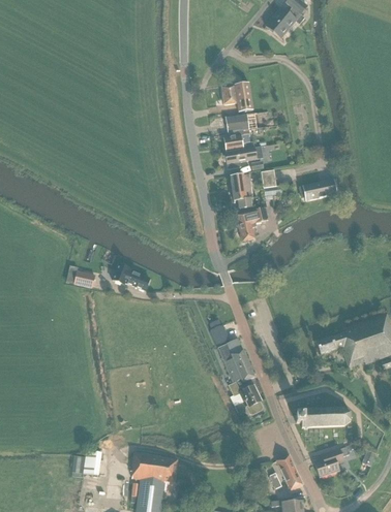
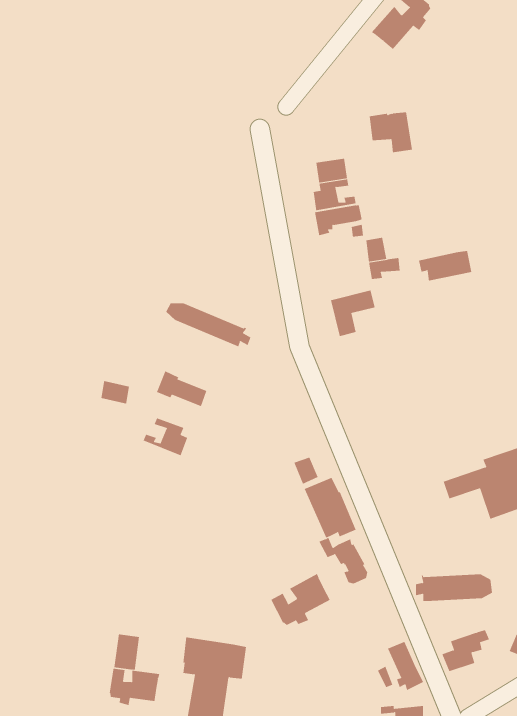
building: [221,84,252,113] -> [369,112,413,153]
building: [230,174,258,210] -> none
building: none -> [165,302,251,347]
building: none -> [143,417,188,456]
building: none -> [270,573,331,626]
building: none -> [109,668,160,706]

